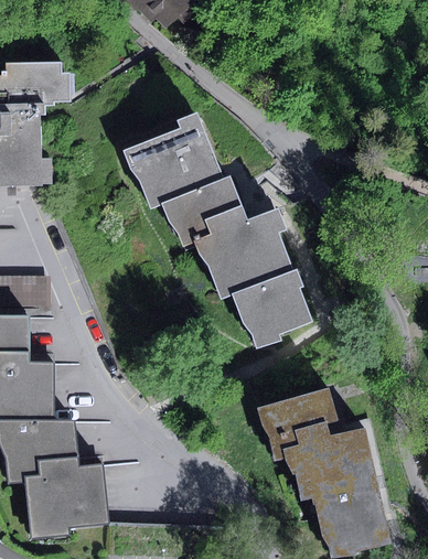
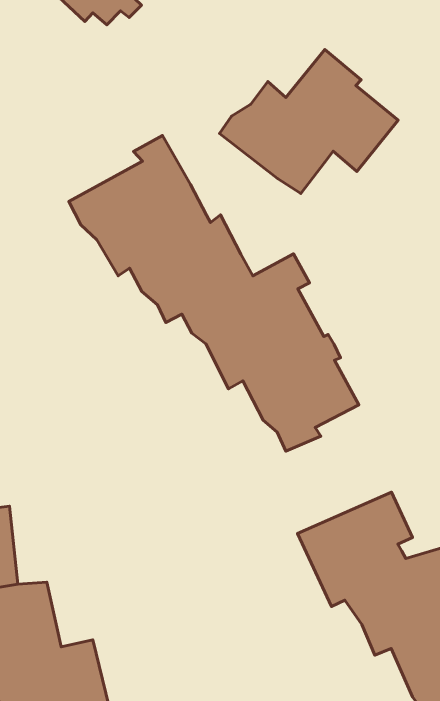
building: none -> [220,49,398,194]

